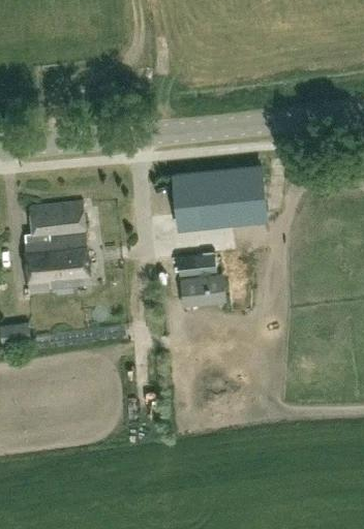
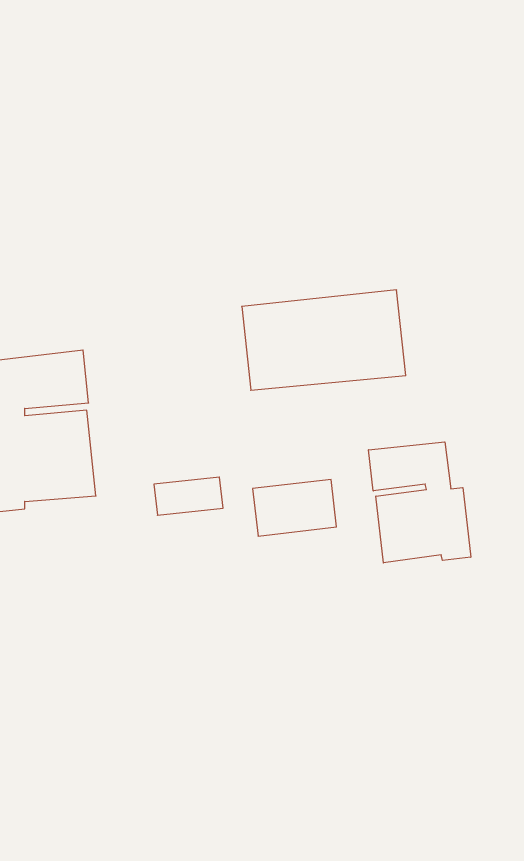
building: none -> [369,442,471,563]
building: [176,254,215,276] -> [154,477,223,515]

